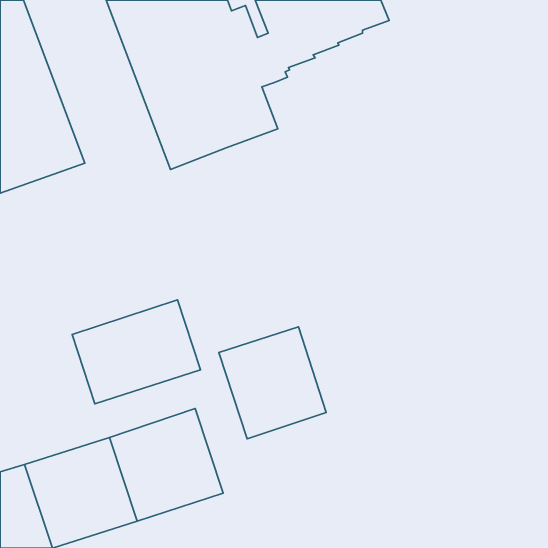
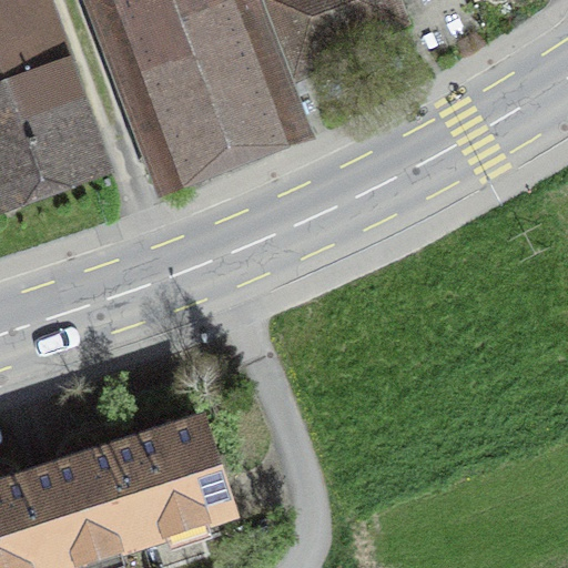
building: [72,300,200,404] -> none
building: [219,327,326,439] -> none

